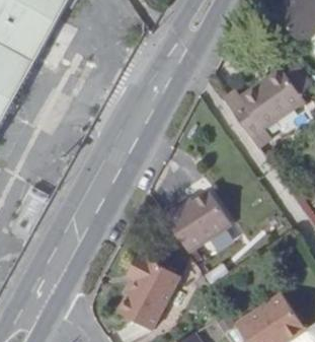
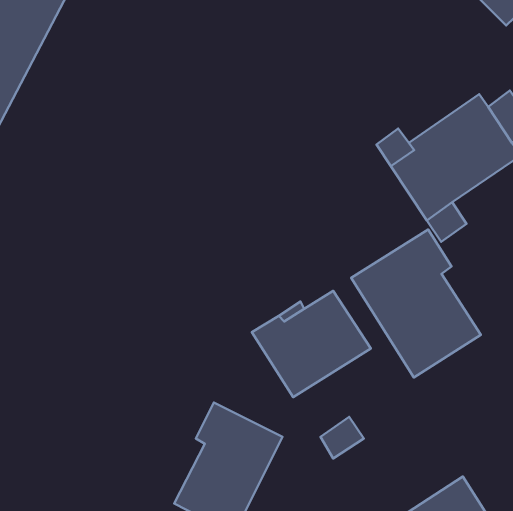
building: none -> [351,230,481,378]

